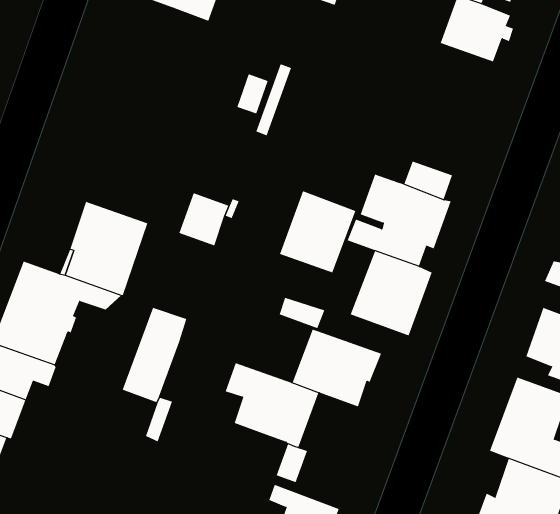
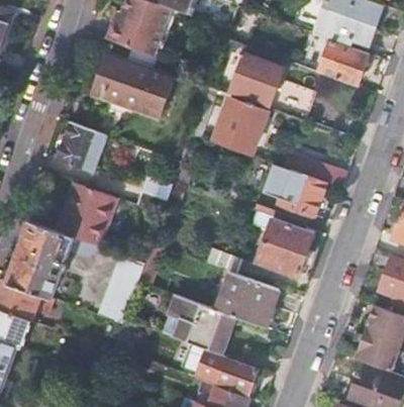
building: none -> [229,54,313,119]
building: none -> [93,57,173,117]
building: none -> [57,122,105,171]
building: [279,190,356,273] -> [213,98,267,156]
building: none -> [217,357,258,392]

